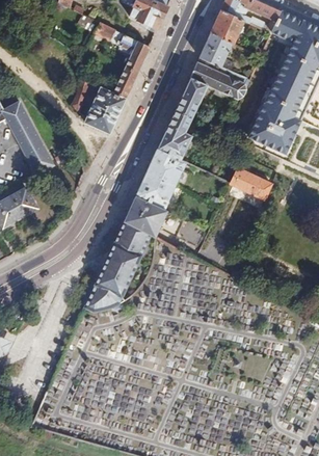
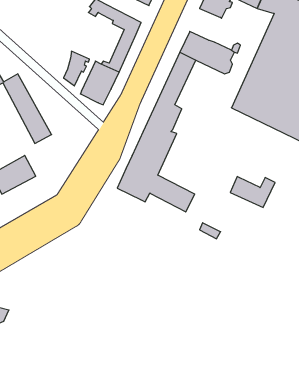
building: [200,31,232,66] -> none
building: [232,165,278,197] -> [230,177,275,207]
building: [79,219,149,313] -> none

